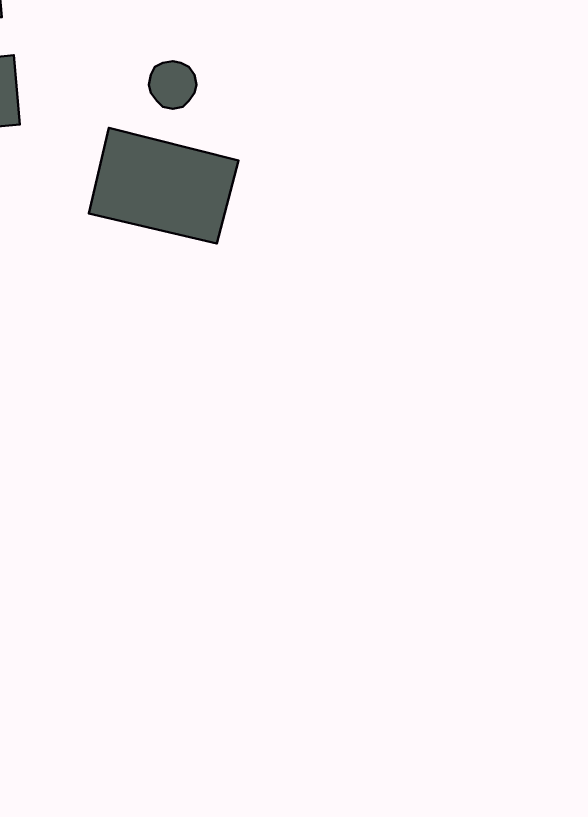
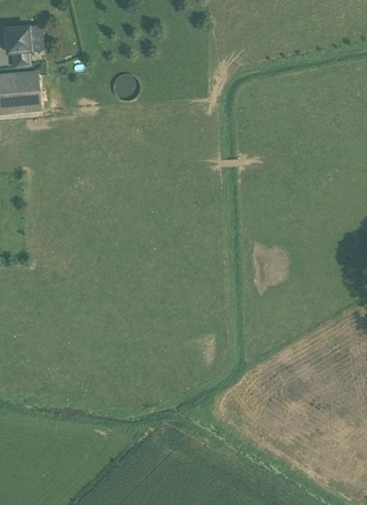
building: [89,128,239,243] -> none

